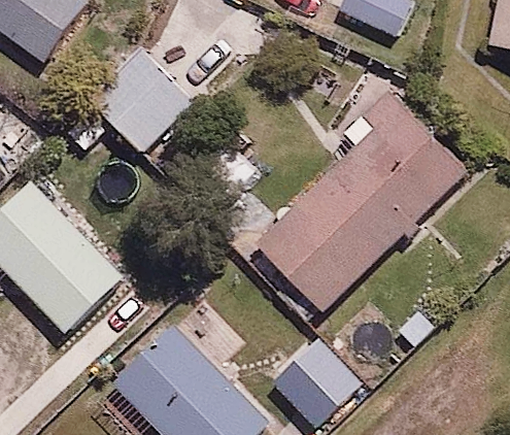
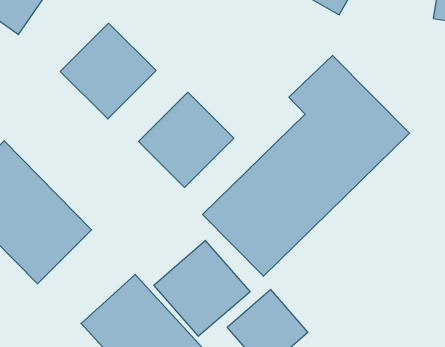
building: none -> [139,92,234,187]
building: none -> [154,240,250,336]

